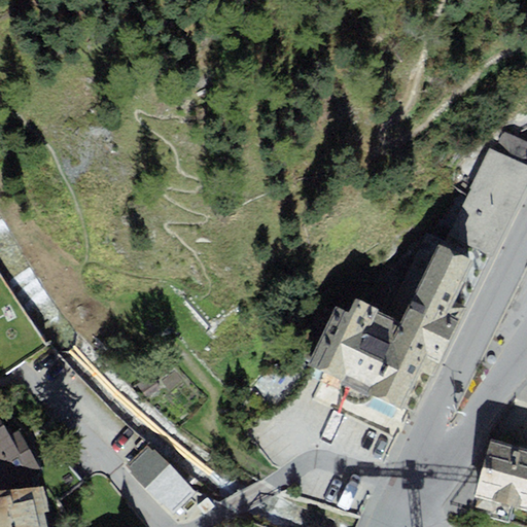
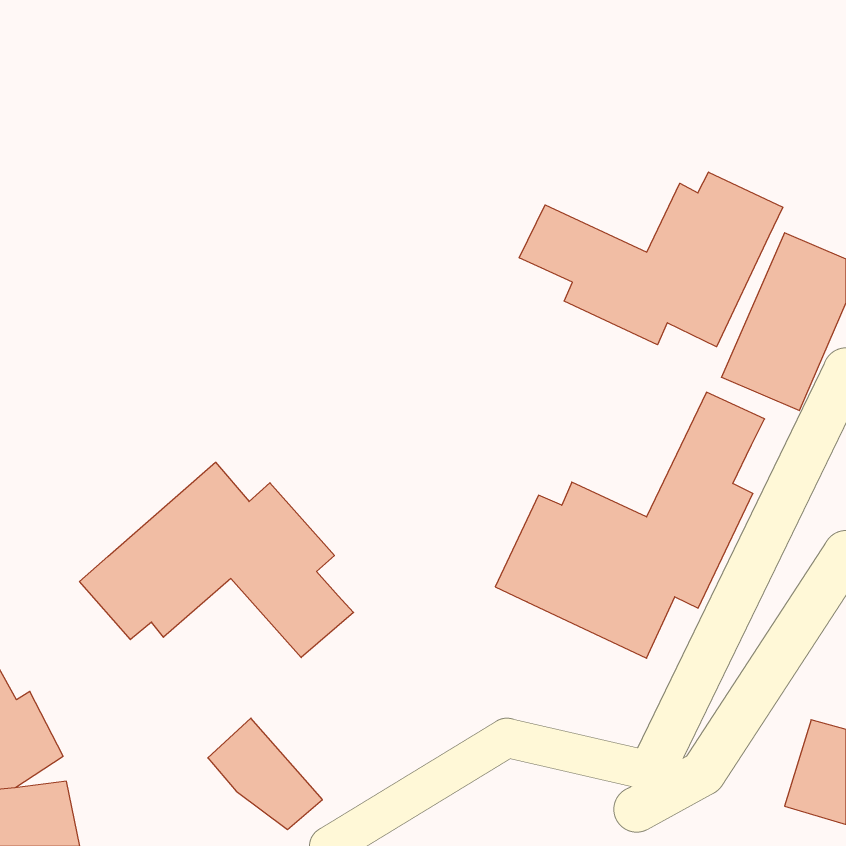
building: none -> [519,172,783,347]
building: none -> [80,462,354,658]

